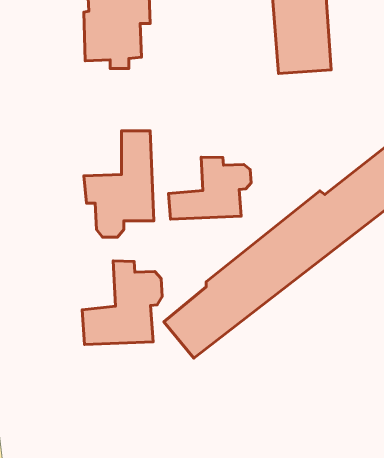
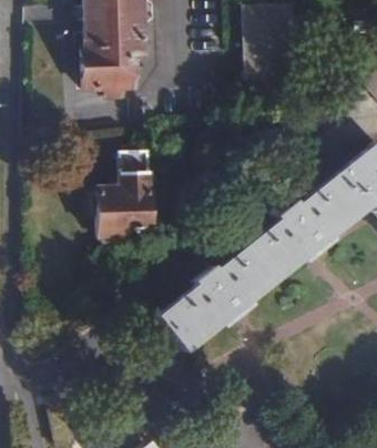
building: [169,157,251,219] -> none
building: [82,261,162,345] -> none

